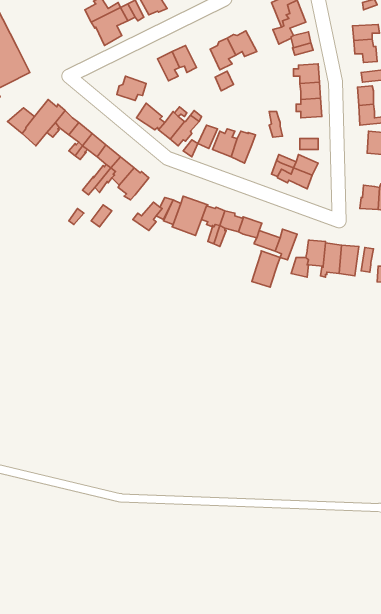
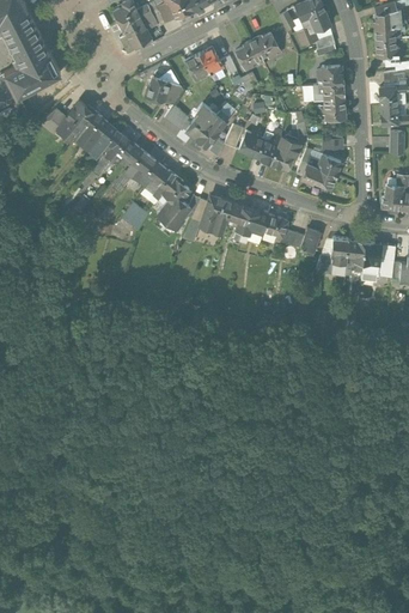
building: none -> [269,135,299,169]
building: none -> [160,177,189,214]
building: [252,251,280,287] -> none

